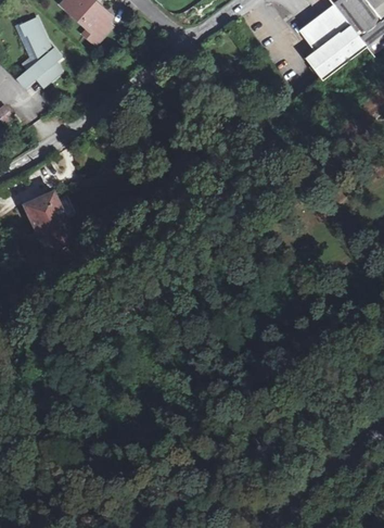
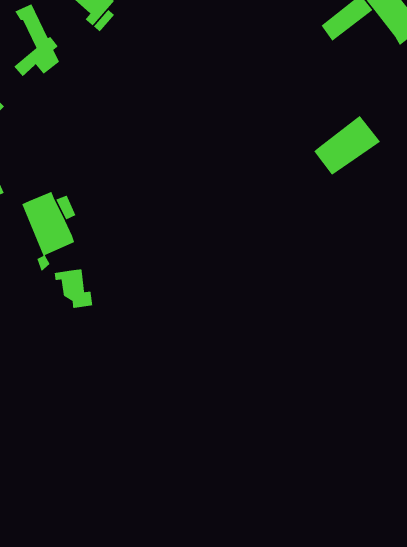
building: [306,23,369,79] -> [313,115,381,176]
building: none -> [54,268,93,309]

